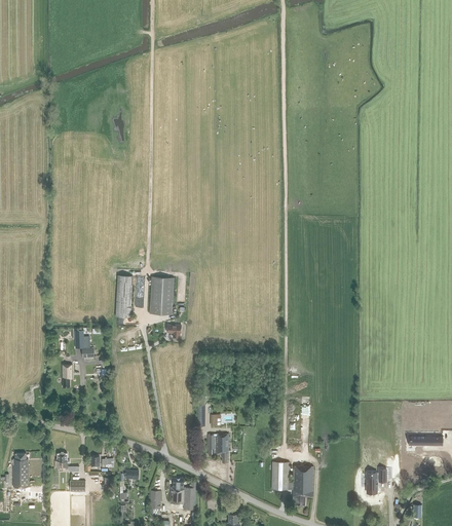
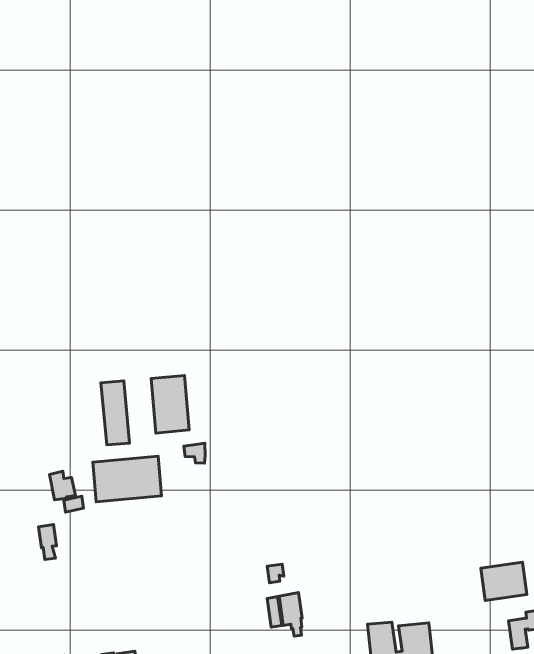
building: none -> [93,456,161,502]
building: none -> [481,562,527,600]

